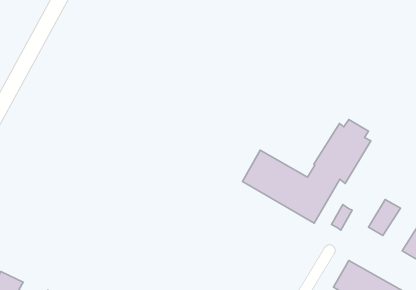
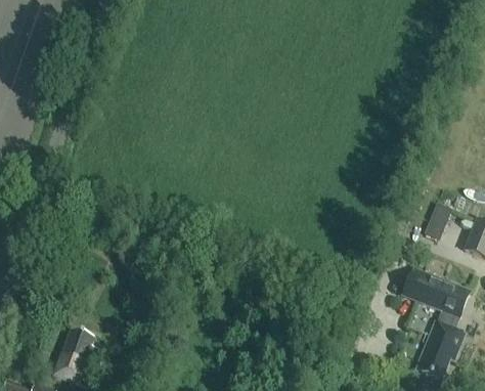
building: [243,120,371,223] -> none

